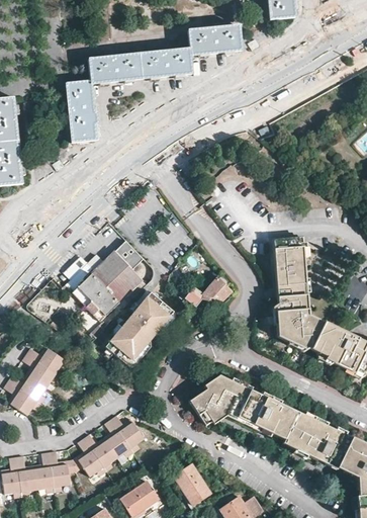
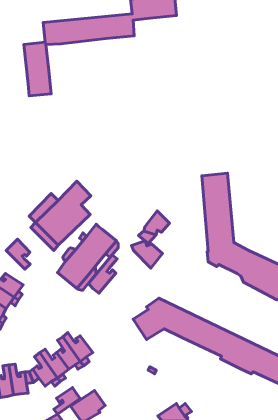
building: none -> [6,239,30,269]
building: none -> [132,241,163,268]
building: none -> [88,255,117,293]
building: [174,464,210,505] -> none
building: none -> [54,388,80,414]

